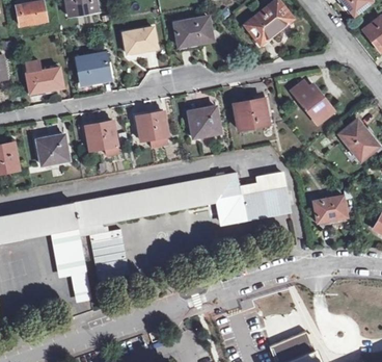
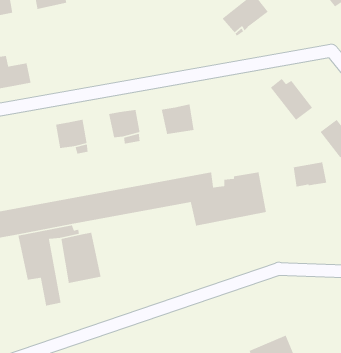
building: [173,18,212,47] -> none
building: [121,27,156,54] -> none
building: [76,53,110,83] -> none
building: [234,100,269,130] -> none
building: [36,136,70,165] -> none
building: [313,197,347,222] -> [293,161,327,187]

